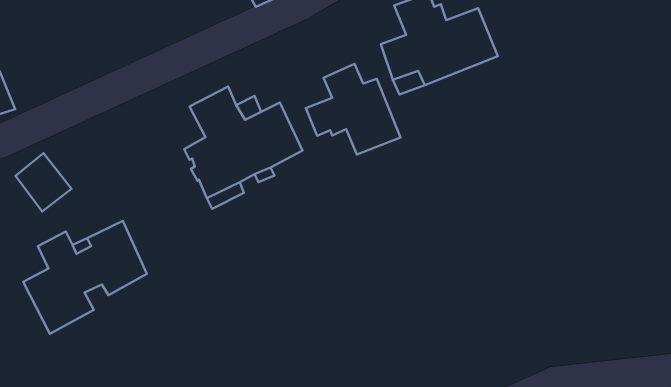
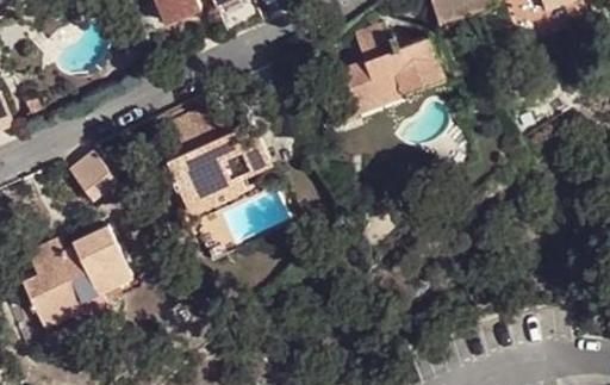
building: [306,64,400,154] -> none
building: [15,153,71,212] -> [67,150,117,203]

